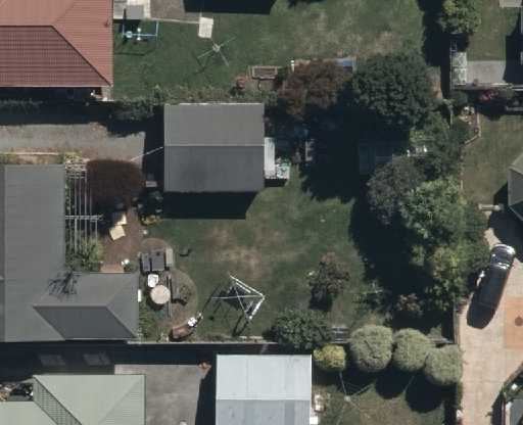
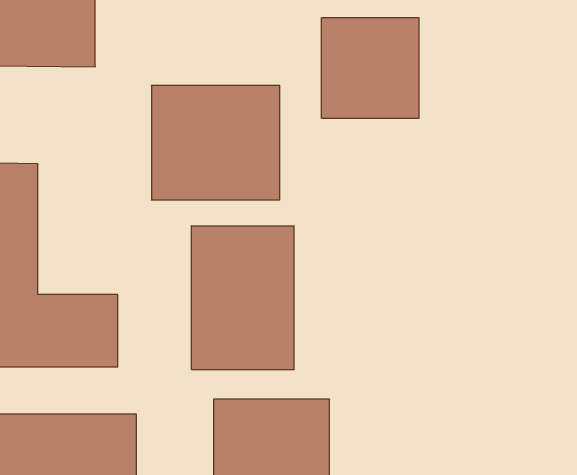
building: none -> [322,18,419,118]
building: none -> [192,226,294,370]

